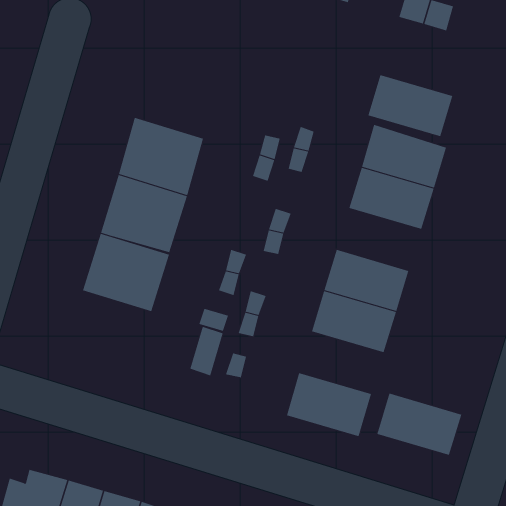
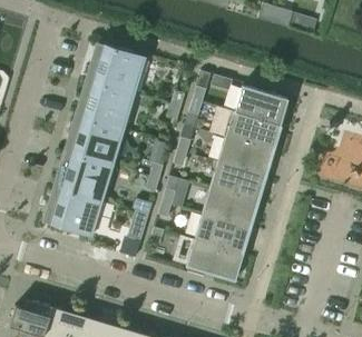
building: none -> [92,43,147,93]
building: [367,74,453,137] -> [218,137,272,176]
building: none -> [50,188,104,235]
building: [376,393,462,455] -> [195,214,248,252]

